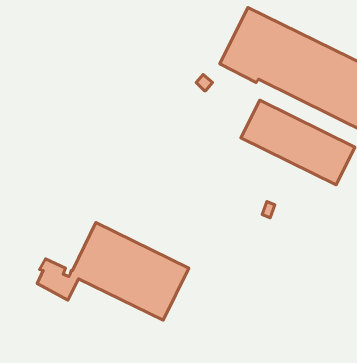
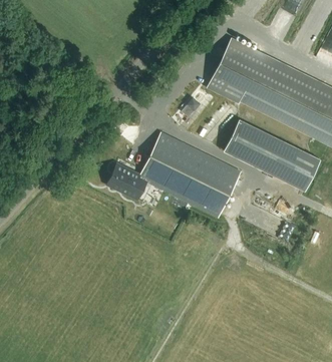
building: [37,222,189,320] -> [110,132,240,216]

